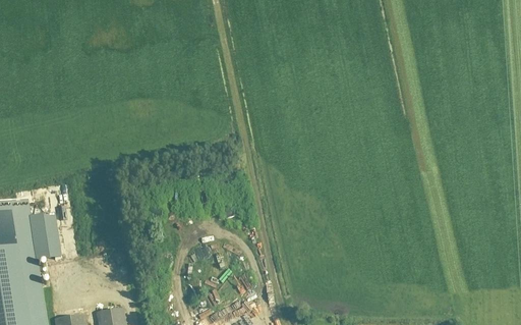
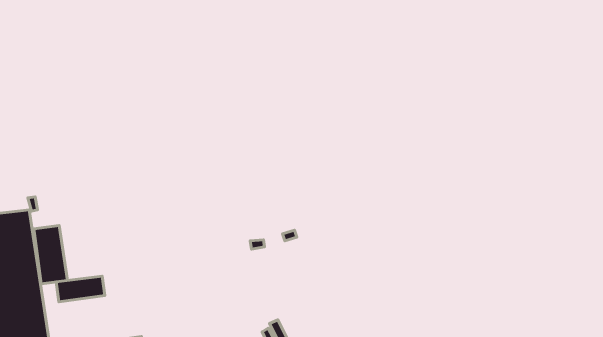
building: none -> [56,276,105,302]

